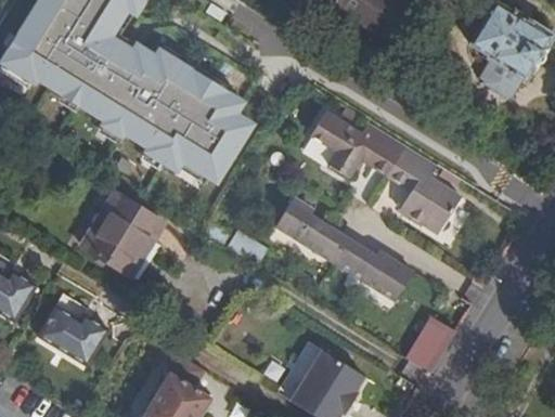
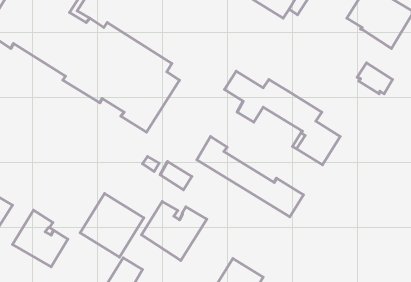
building: [477,58,522,99] -> [357,63,392,94]
building: [80,193,163,275] -> [80,194,144,257]
building: none -> [141,202,207,260]
building: [405,316,454,372] -> none

